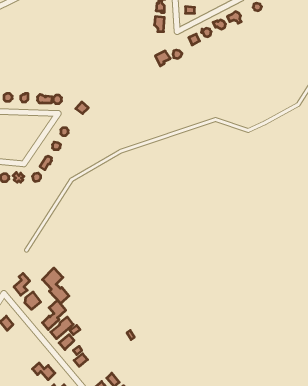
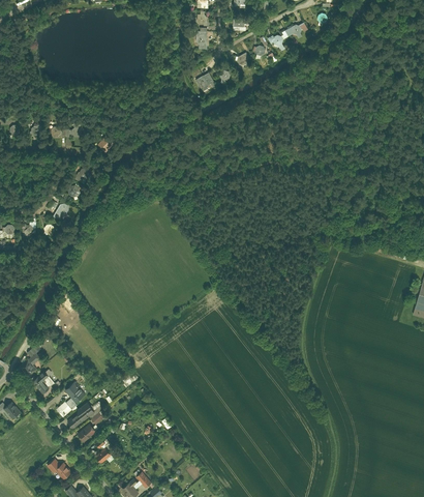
building: [42,268,69,304] -> none

